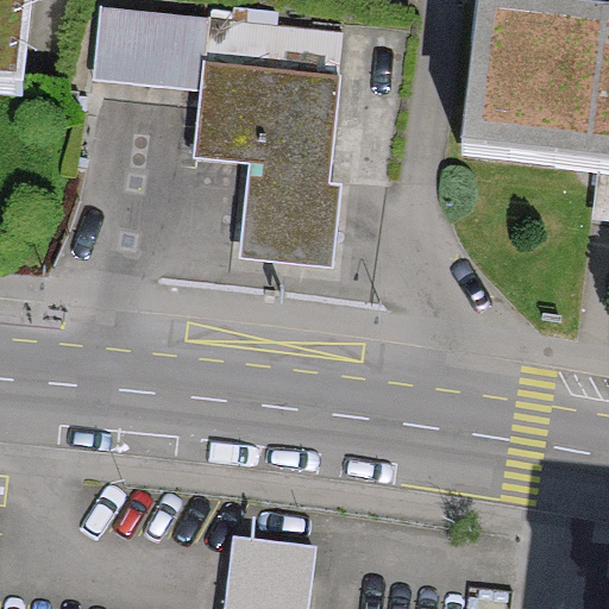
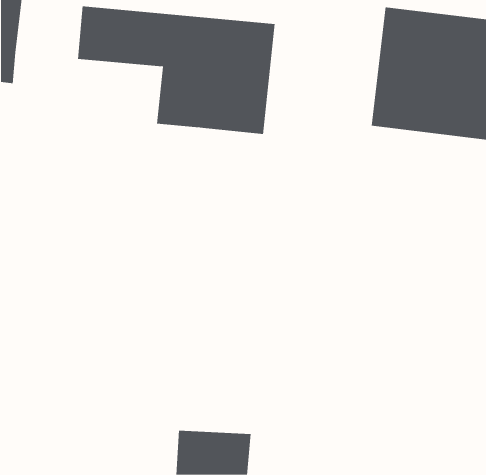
building: [238,159,345,268] -> none

